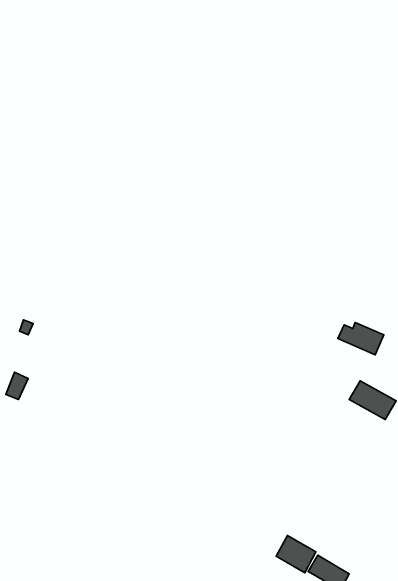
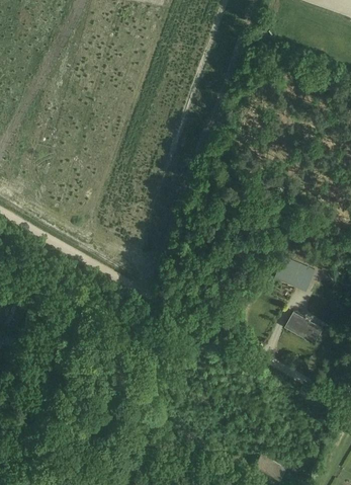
building: [276,536,316,573] -> none

